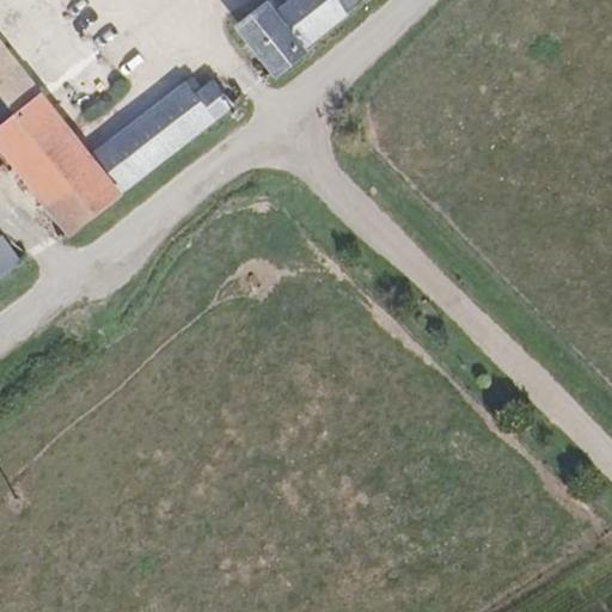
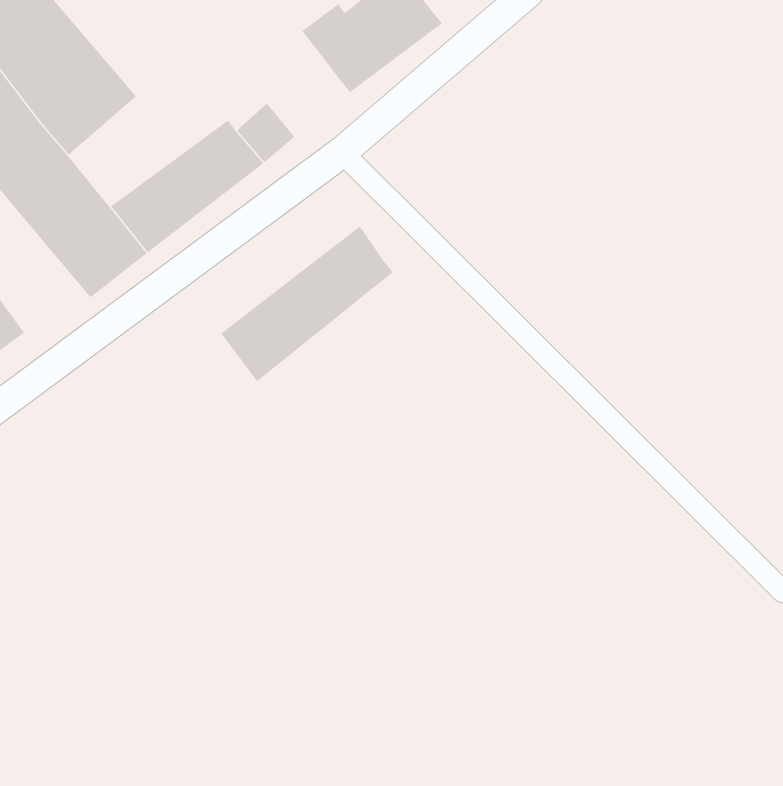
building: none -> [221,225,394,382]

